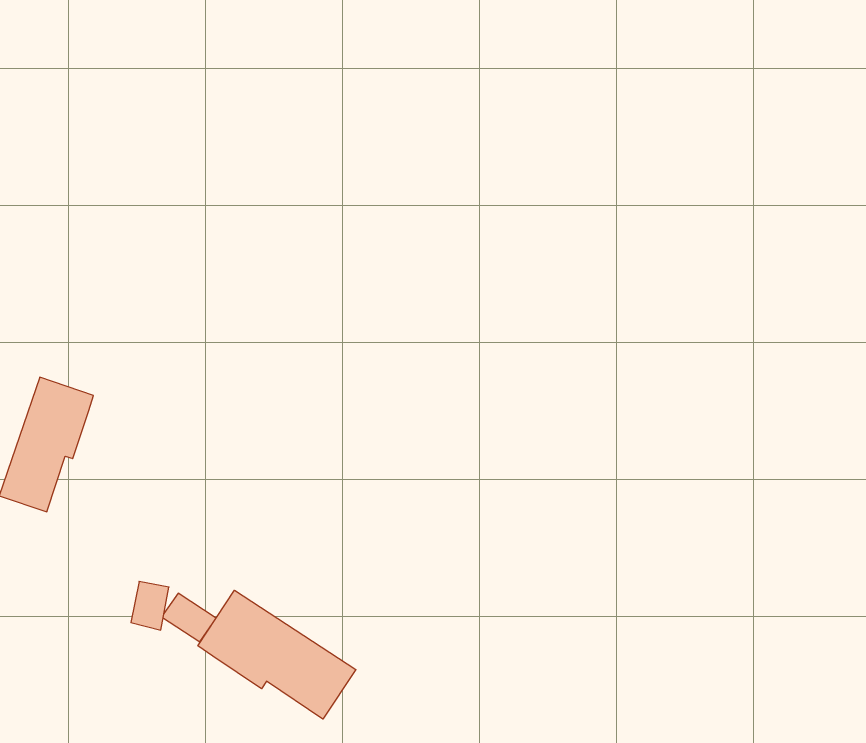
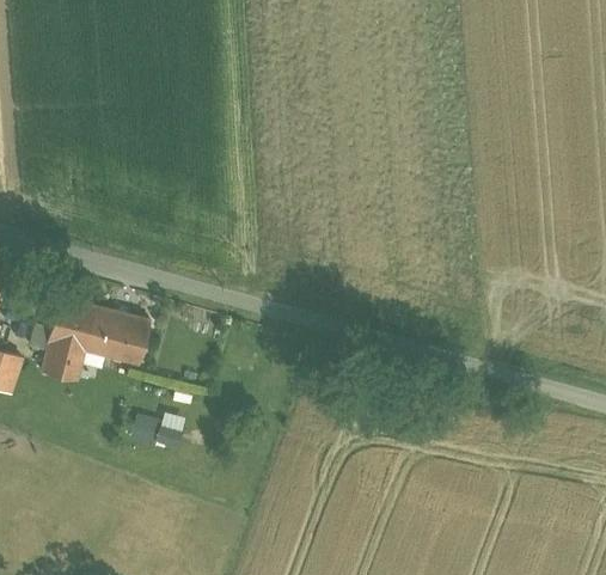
building: none -> [86,308,149,367]
building: [198,590,356,719] -> none

